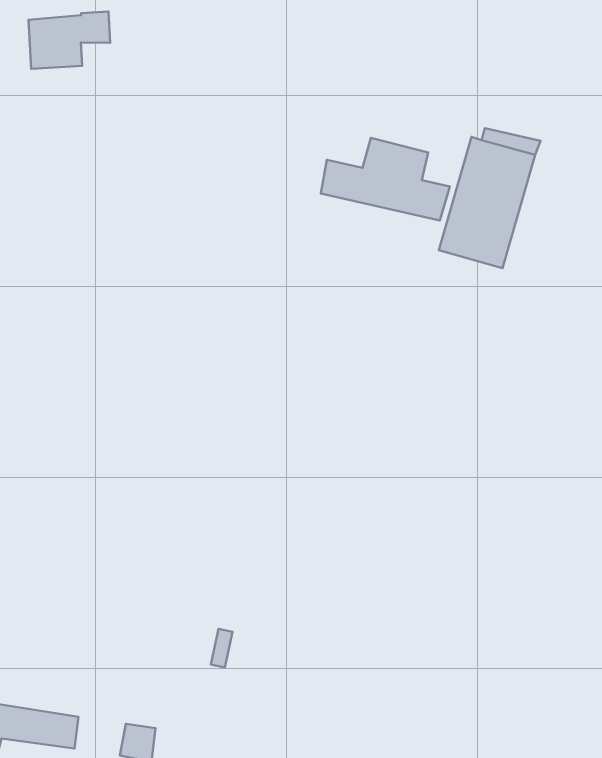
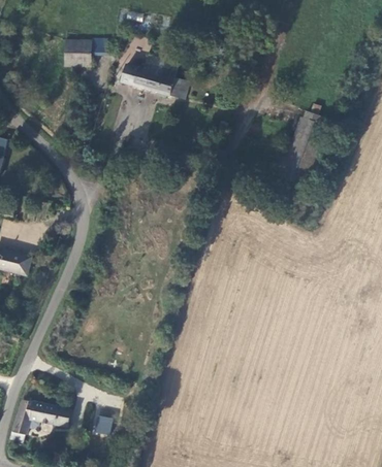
building: [321,138,450,220] -> [120,55,188,100]

